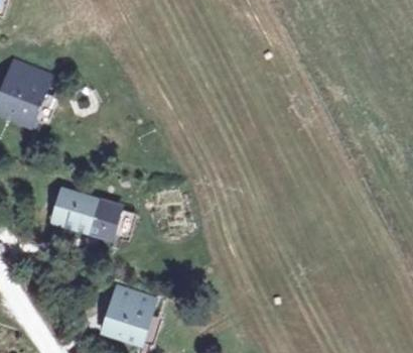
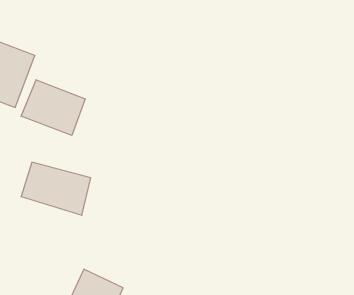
building: none -> [21,80,85,135]

